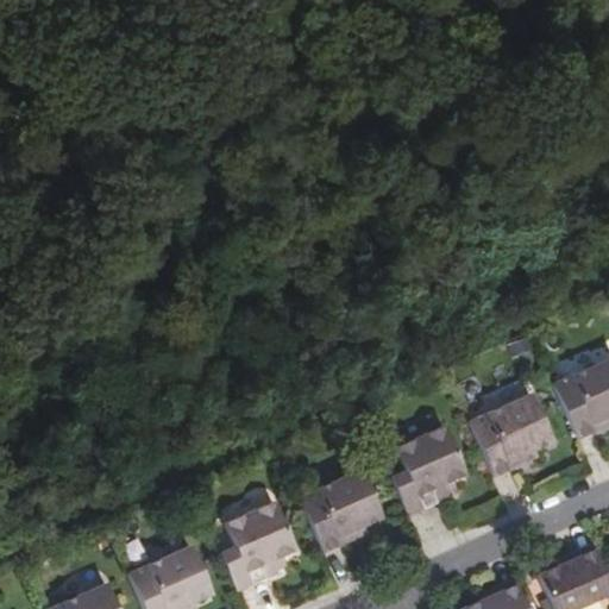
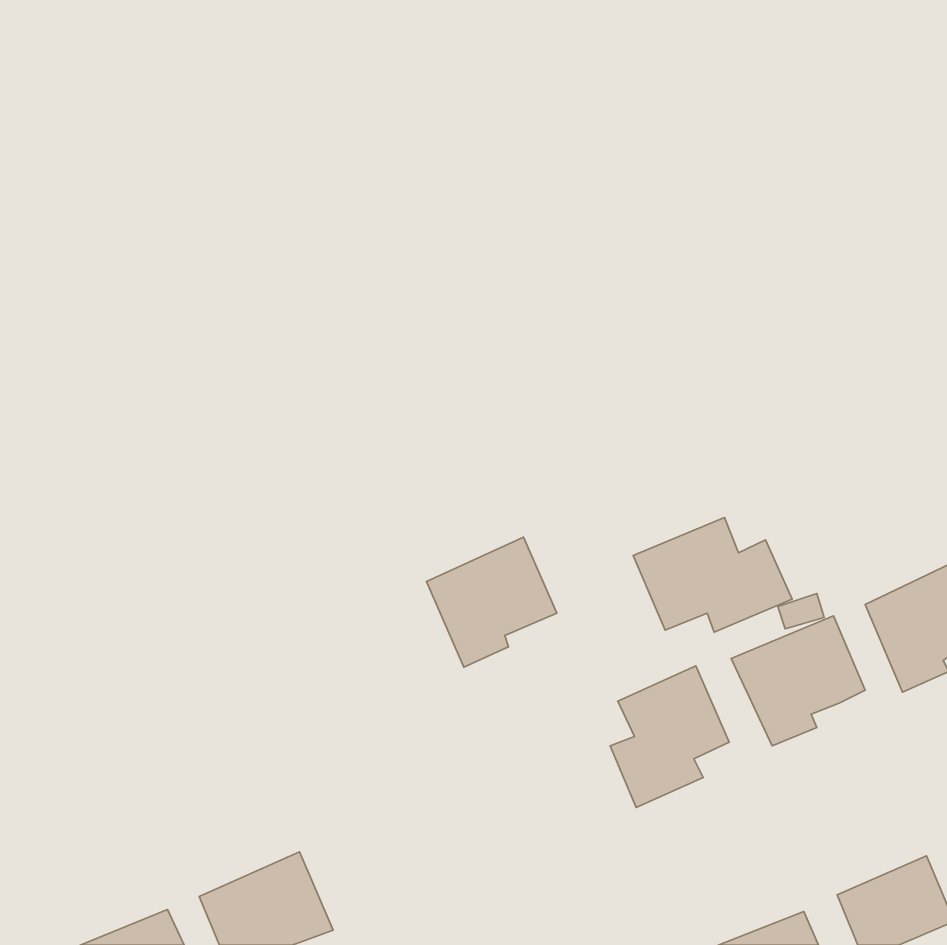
building: none -> [633,517,792,632]
building: [301,470,384,553] -> [427,537,557,667]
building: [221,502,299,591] -> none

